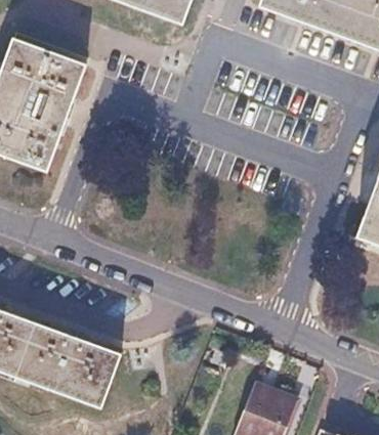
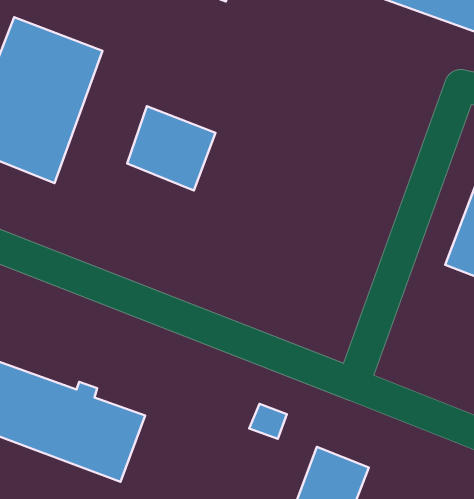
building: none -> [127,106,216,191]

